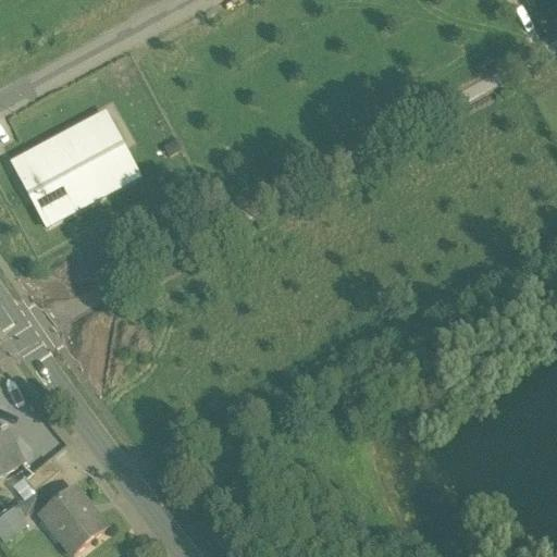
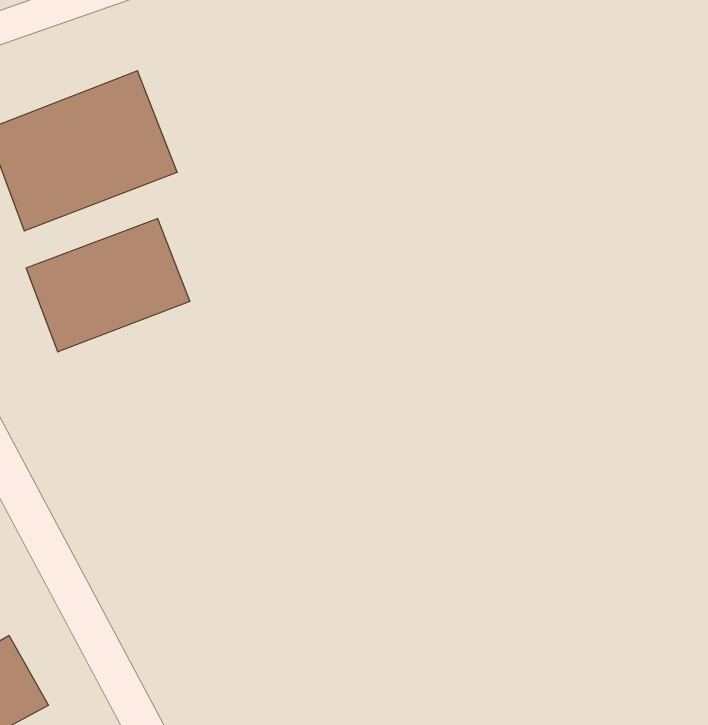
building: none -> [26,218,190,352]

